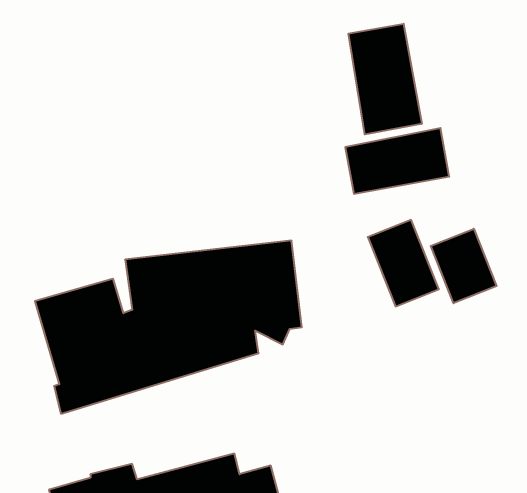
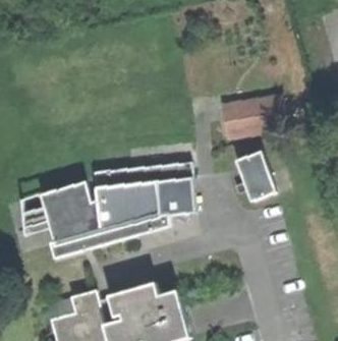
building: [348,24,422,134] -> none
building: [431,229,497,303] -> none

